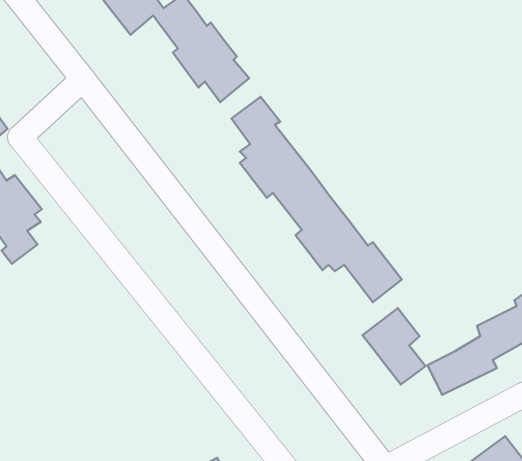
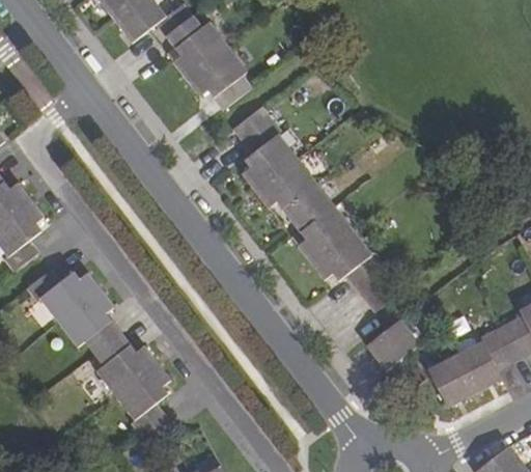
building: none -> [25,268,173,446]

